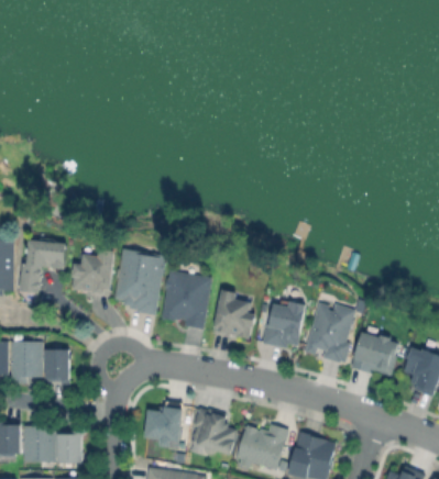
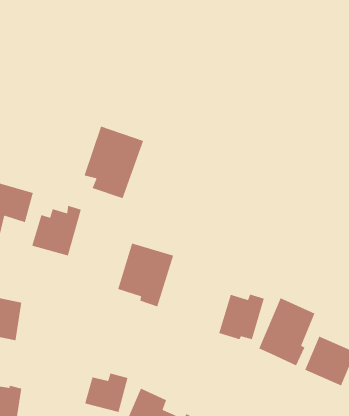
building: [114,247,167,314] -> [83,126,144,199]
building: [211,291,254,342] -> none

